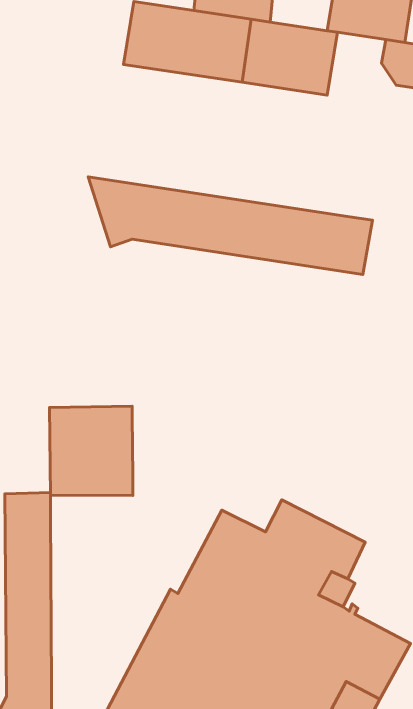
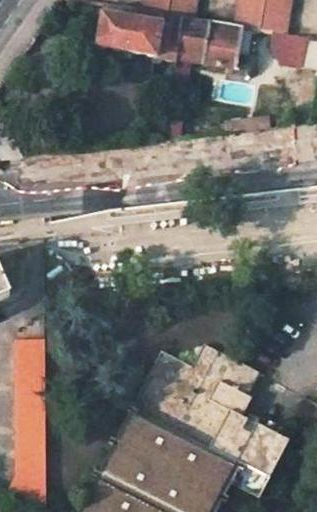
building: [88,177,373,275] -> none
building: [50,406,133,495] -> none

